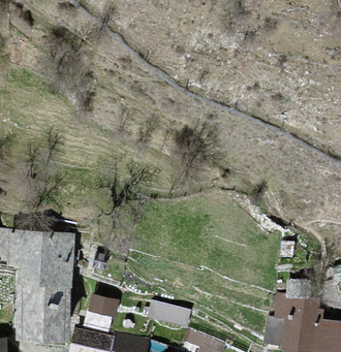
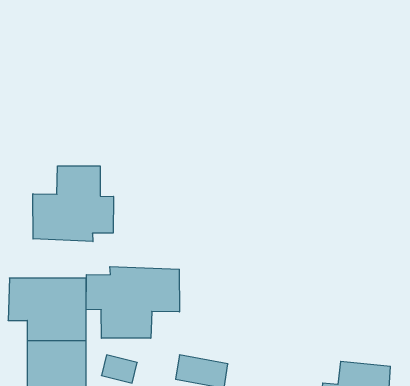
building: none -> [33,166,113,242]
building: none -> [86,267,179,338]

